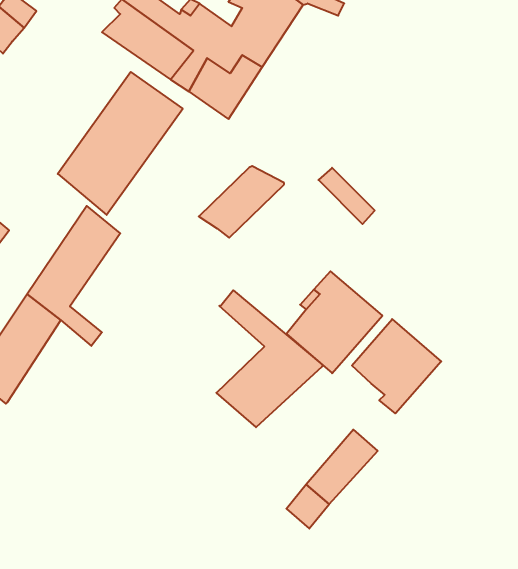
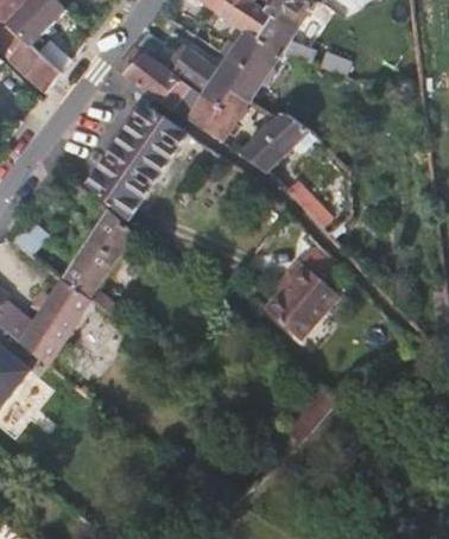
building: [199,166,284,238] -> [240,115,306,171]
building: [216,290,323,427] -> none
building: [352,319,441,413] -> none

